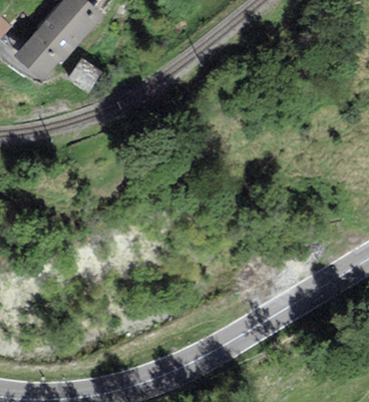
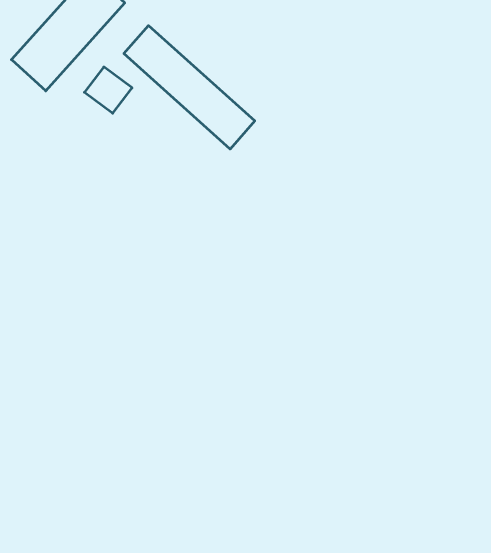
building: none -> [124,26,255,149]

